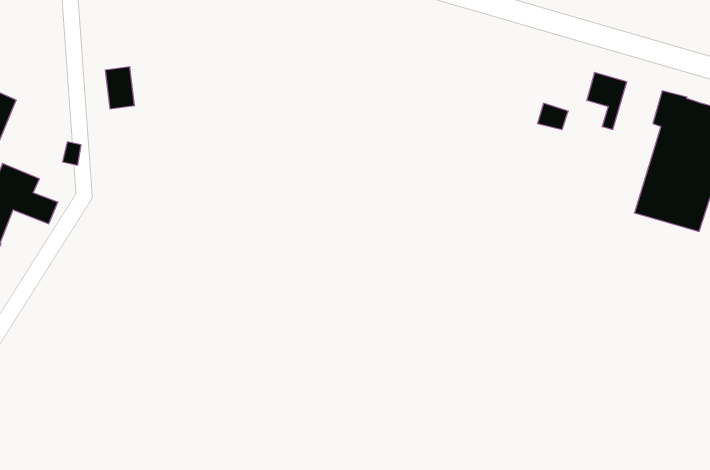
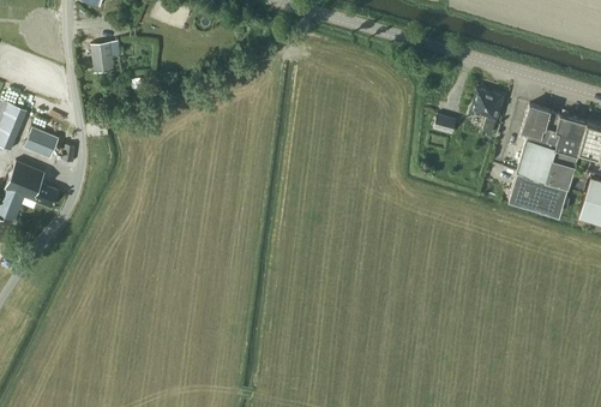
building: [105,67,135,109] -> [91,41,114,73]
building: none -> [24,126,60,160]

